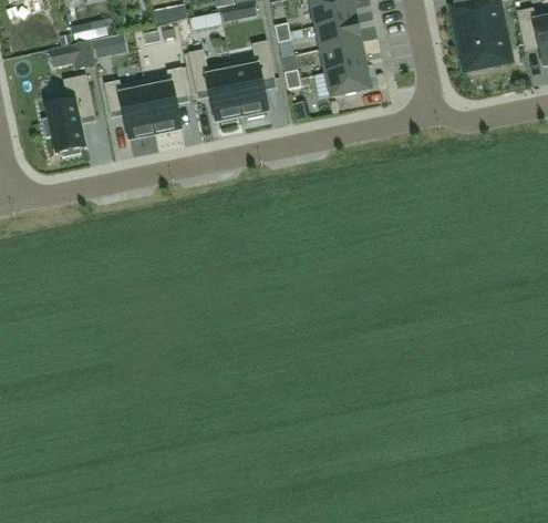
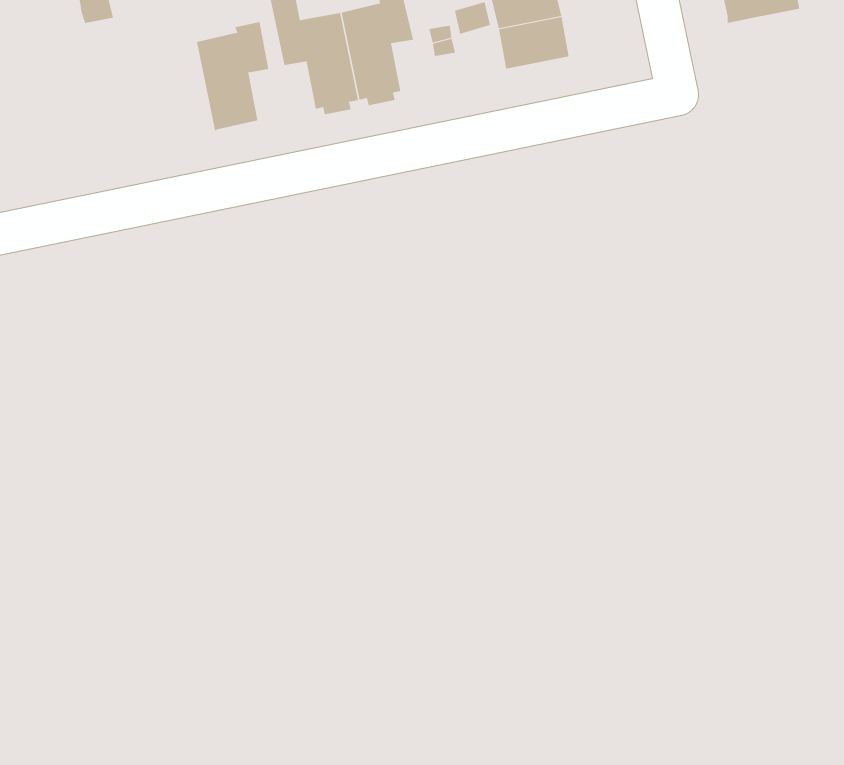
building: [43,73,96,156] -> none
building: [105,79,156,137] -> none

